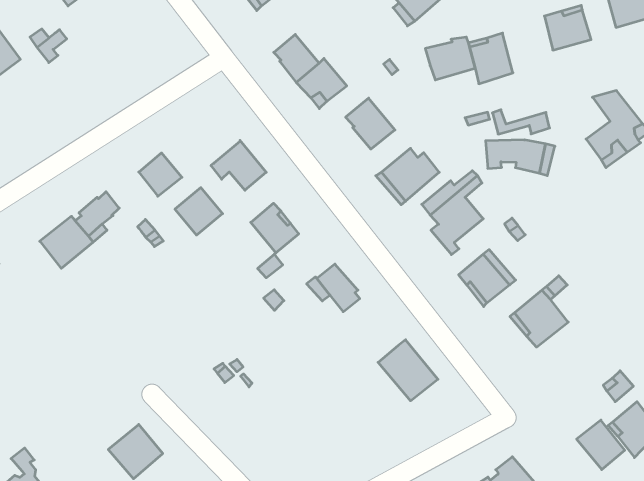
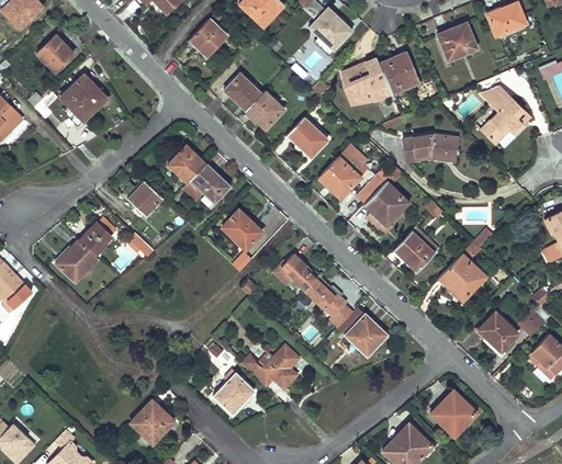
building: none -> [60,75,106,121]
building: [492,110,550,134] -> [344,82,391,104]
building: [175,188,223,235] -> [167,145,205,183]
building: none -> [304,278,351,327]
building: none -> [241,344,300,388]
building: none -> [214,370,255,414]
building: [577,420,625,470] -> [477,312,517,351]

